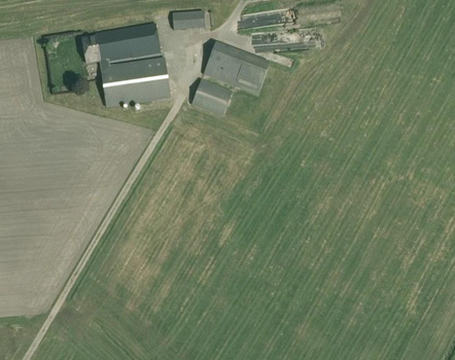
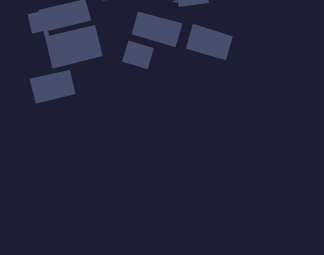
building: none -> [185,23,234,61]
building: none -> [29,69,76,105]

